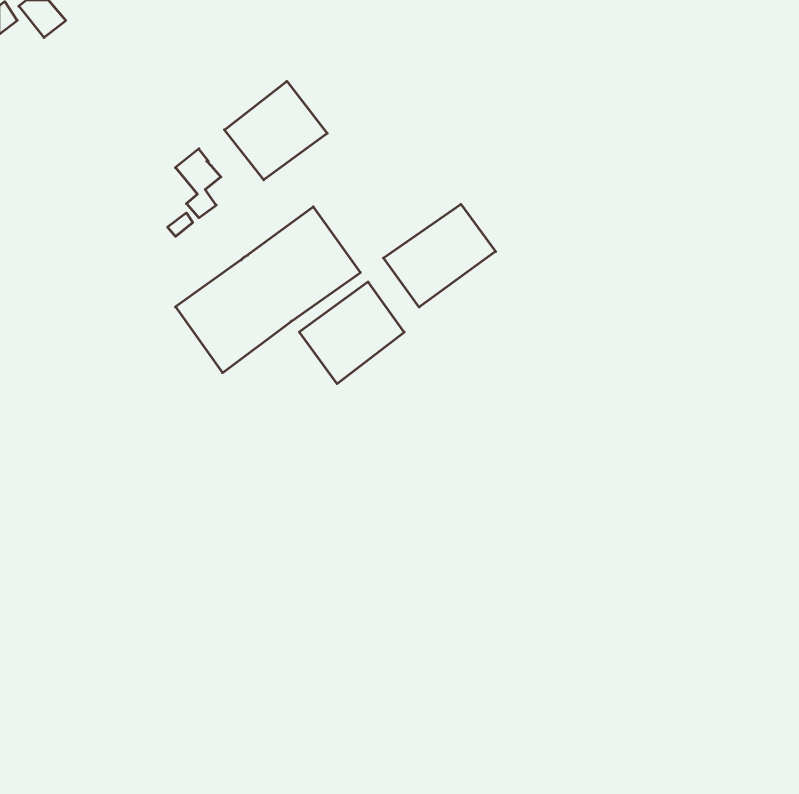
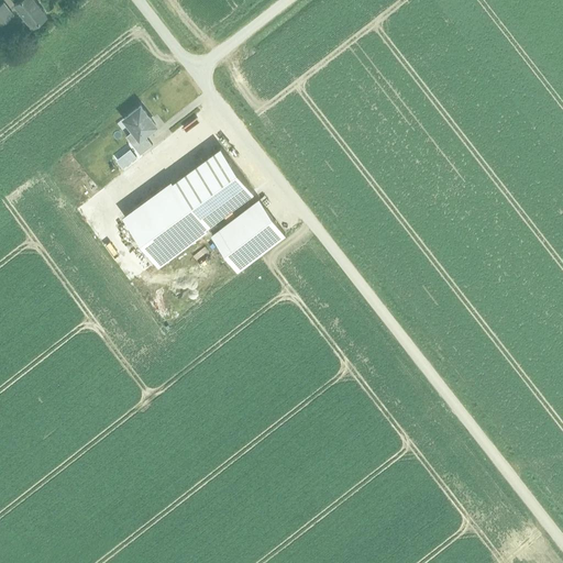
building: [224,81,327,180] -> none
building: [383,204,496,307] -> none

